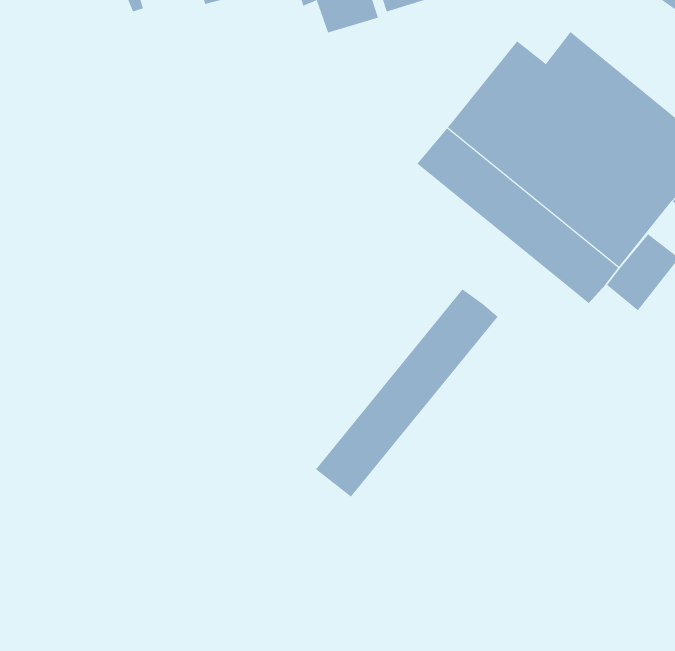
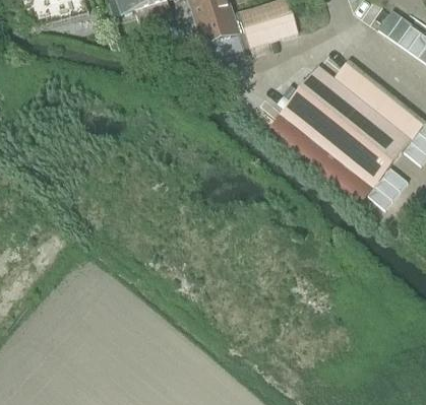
building: [315,288,498,498] -> none

